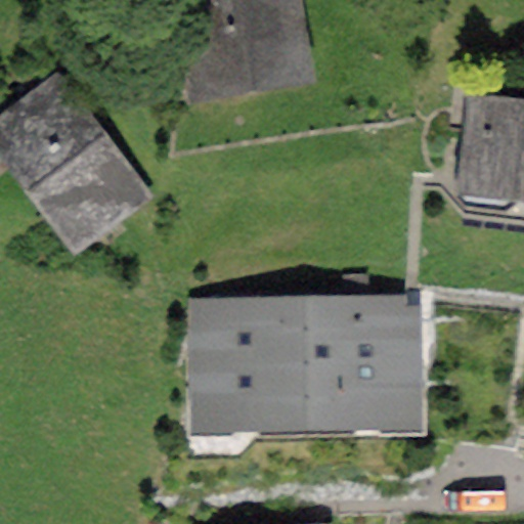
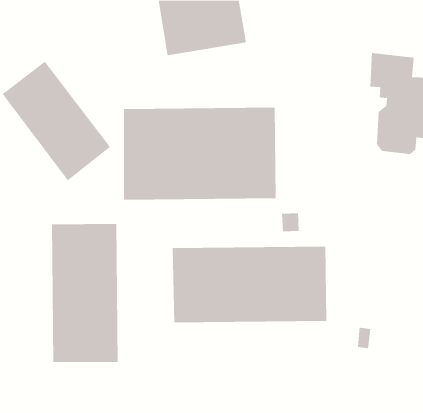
building: none -> [124,107,276,200]
building: none -> [51,223,118,363]

